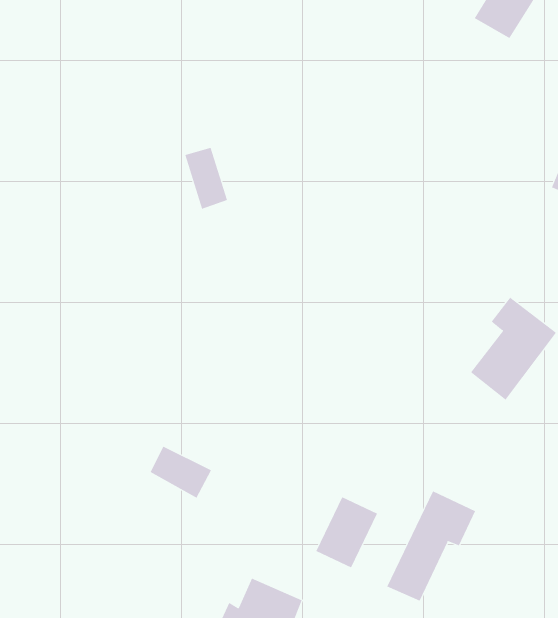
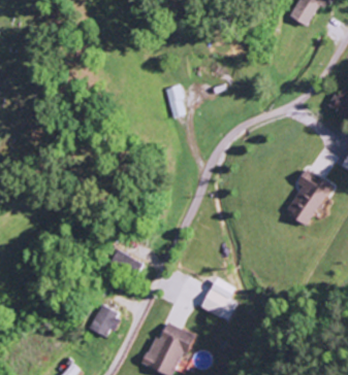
building: [185,147,228,209] -> [165,83,189,117]
building: [386,491,476,602] -> none
building: none -> [90,305,122,336]

